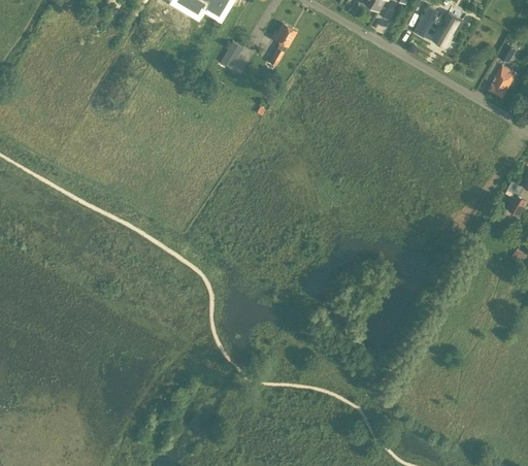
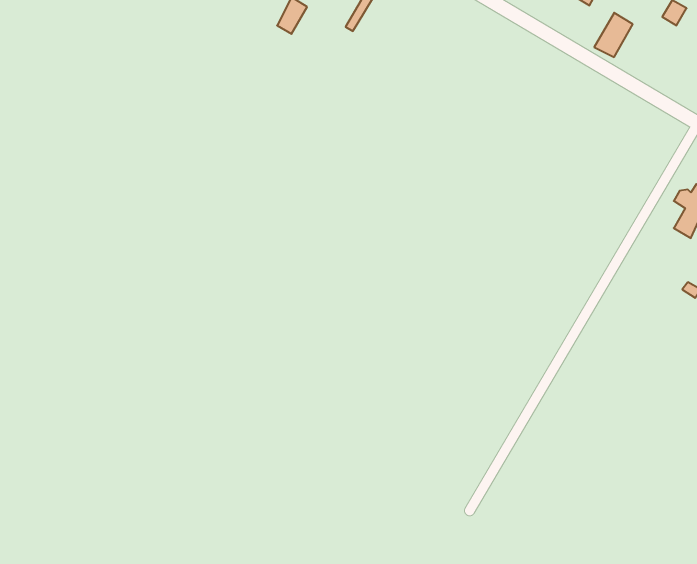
building: [487,65,515,97] -> [594,13,633,57]

